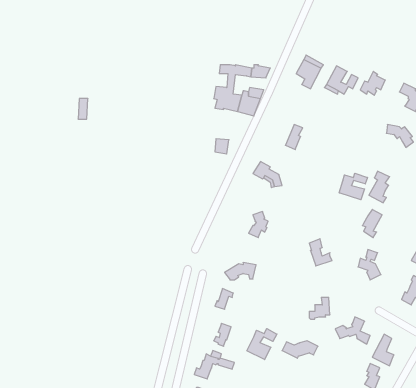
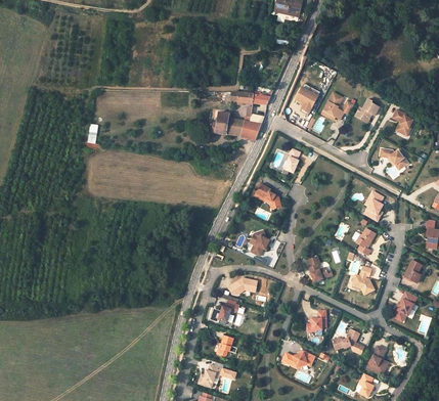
building: [339,173,367,200] -> none
building: [247,329,277,360] -> none

